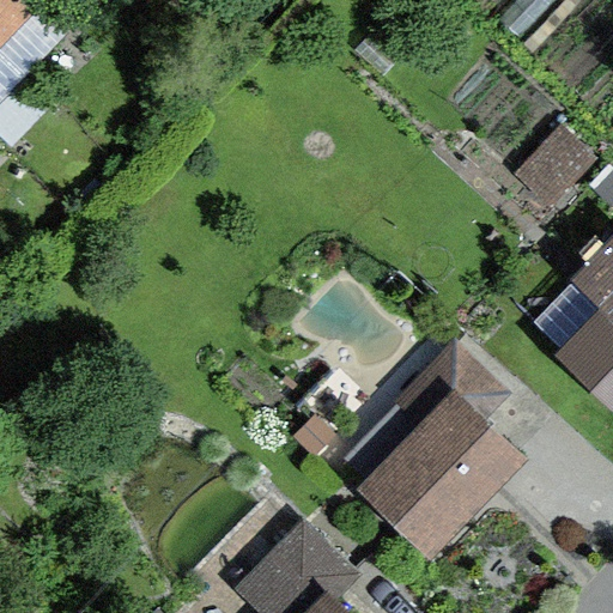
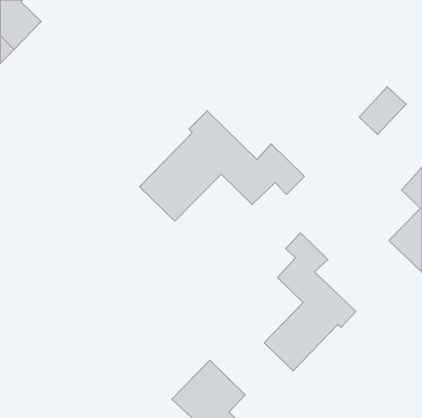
building: none -> [139,111,304,221]

